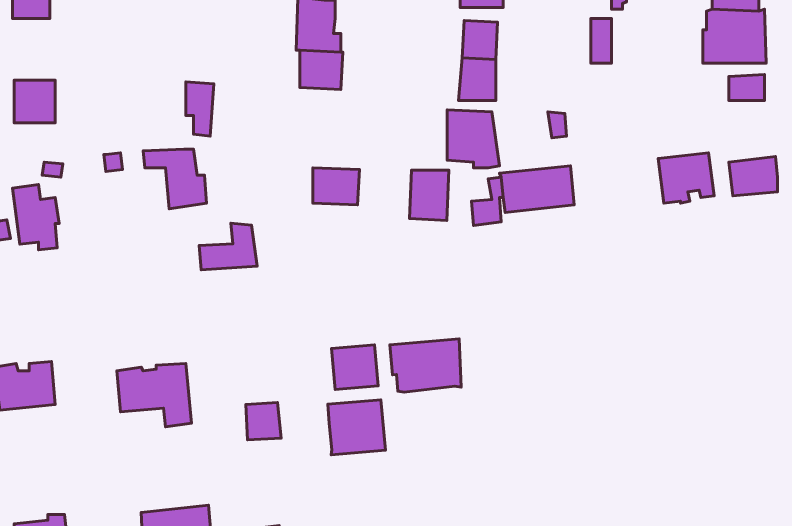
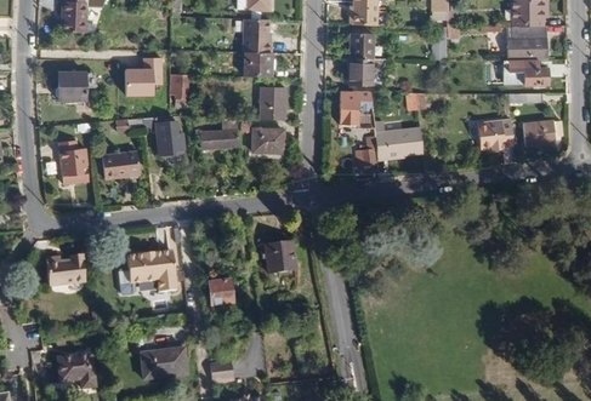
building: none -> [126,59,165,97]
building: [410,170,449,220] -> [258,87,284,120]
building: none -> [102,150,138,178]
building: [199,223,257,270] -> [201,118,239,148]
building: [390,339,461,392] -> none
building: [328,400,385,455] -> none

